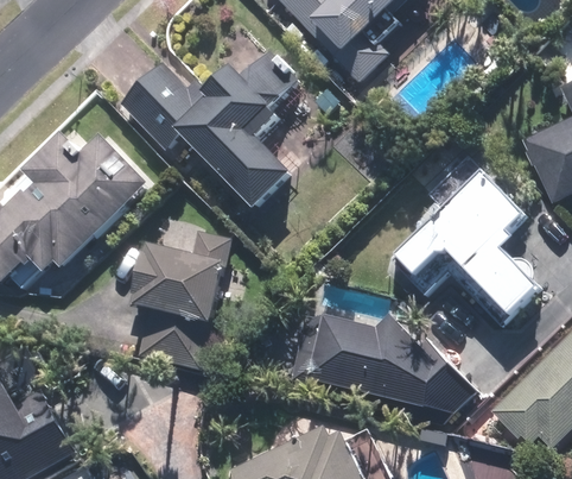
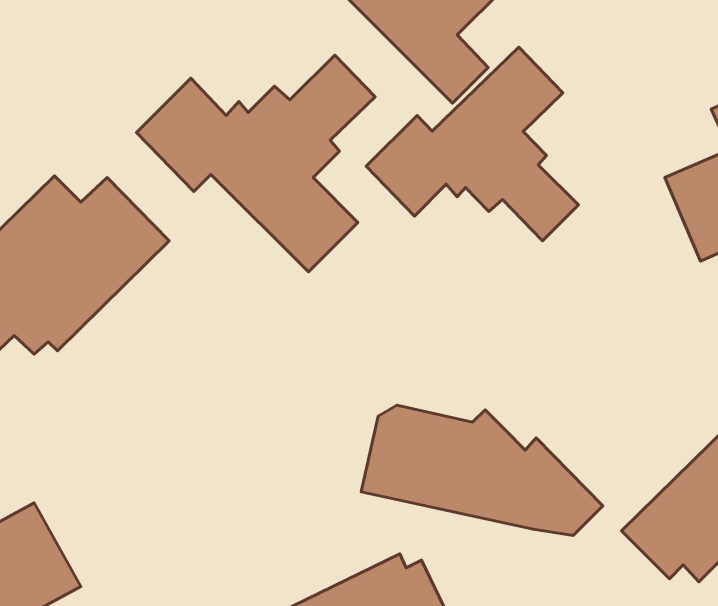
building: none -> [366,47,578,241]
building: [393,156,538,324] -> none
building: [131,229,234,368] -> none

